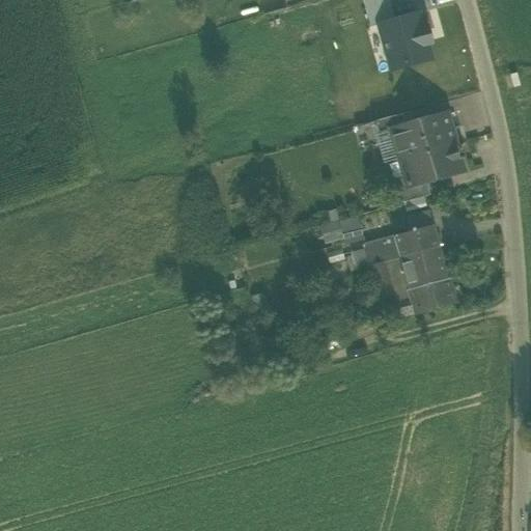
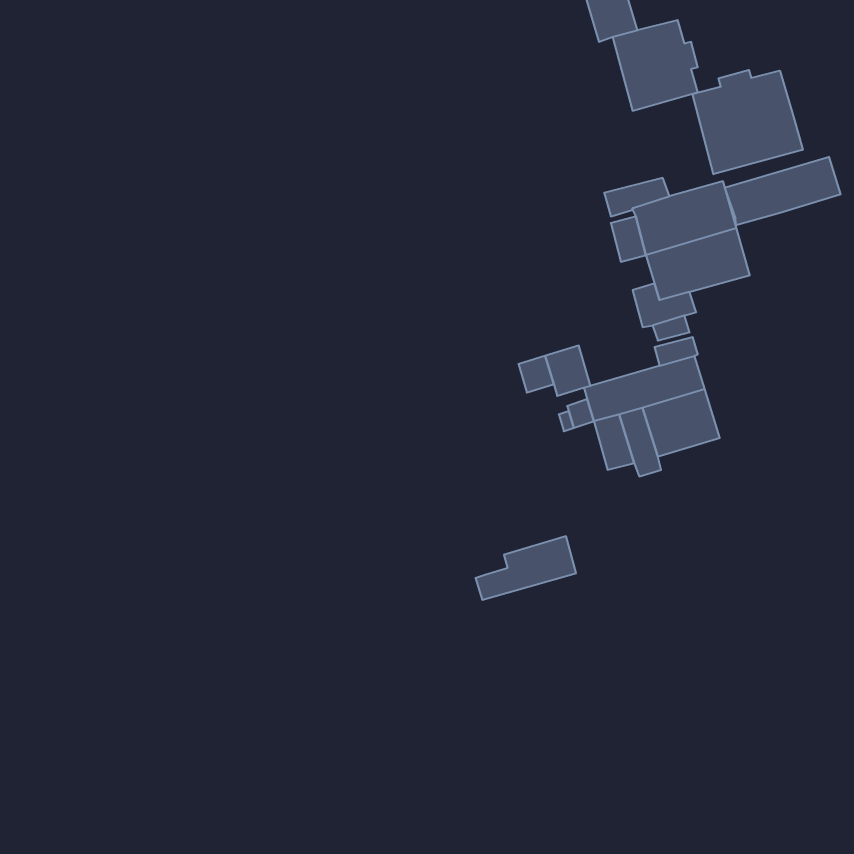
building: none -> [692,70,803,174]
building: none -> [725,157,841,225]
building: [391,271,453,310] -> [475,536,576,600]

